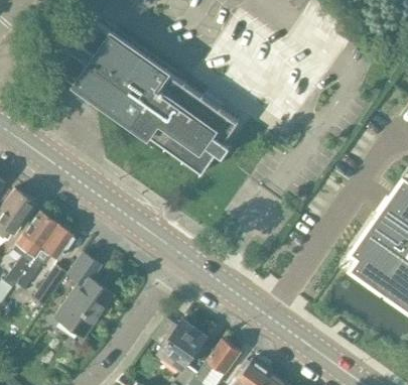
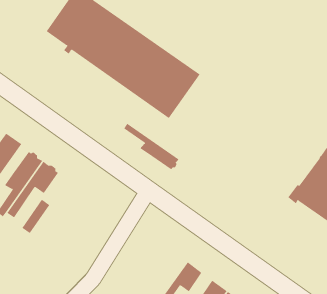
building: none -> [124,123,180,170]
building: [53,255,112,340] -> none
building: [159,320,208,371] -> none

